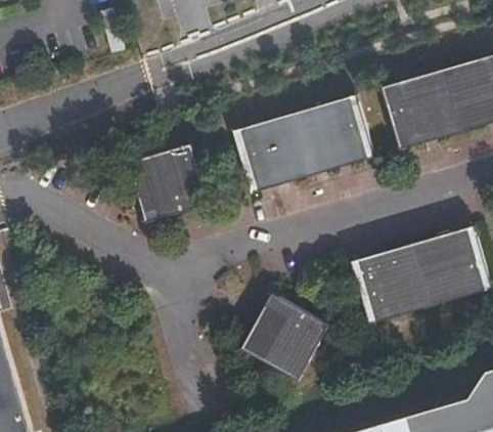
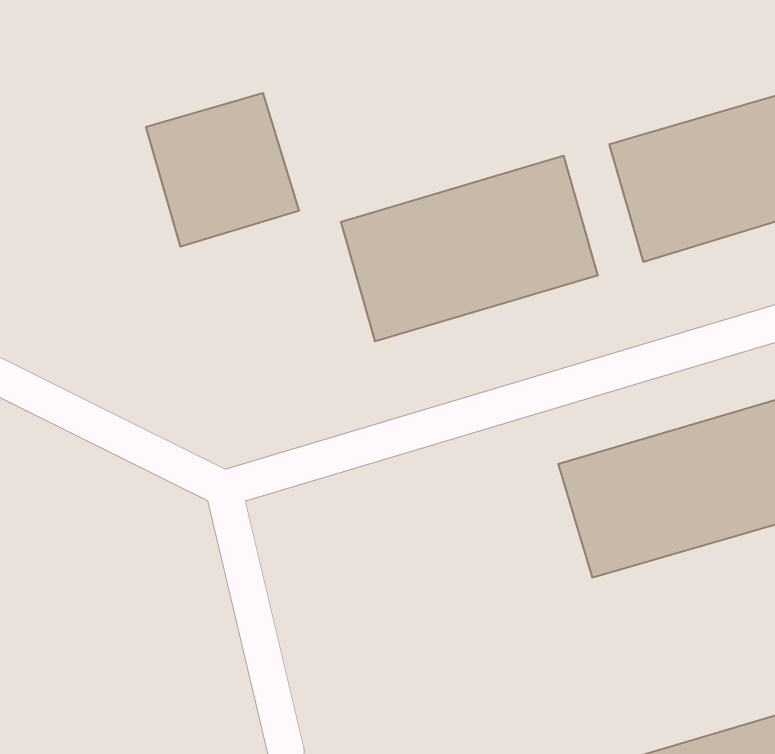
building: [128,142,211,225] -> [146,93,299,246]
building: [243,291,329,380] -> none

